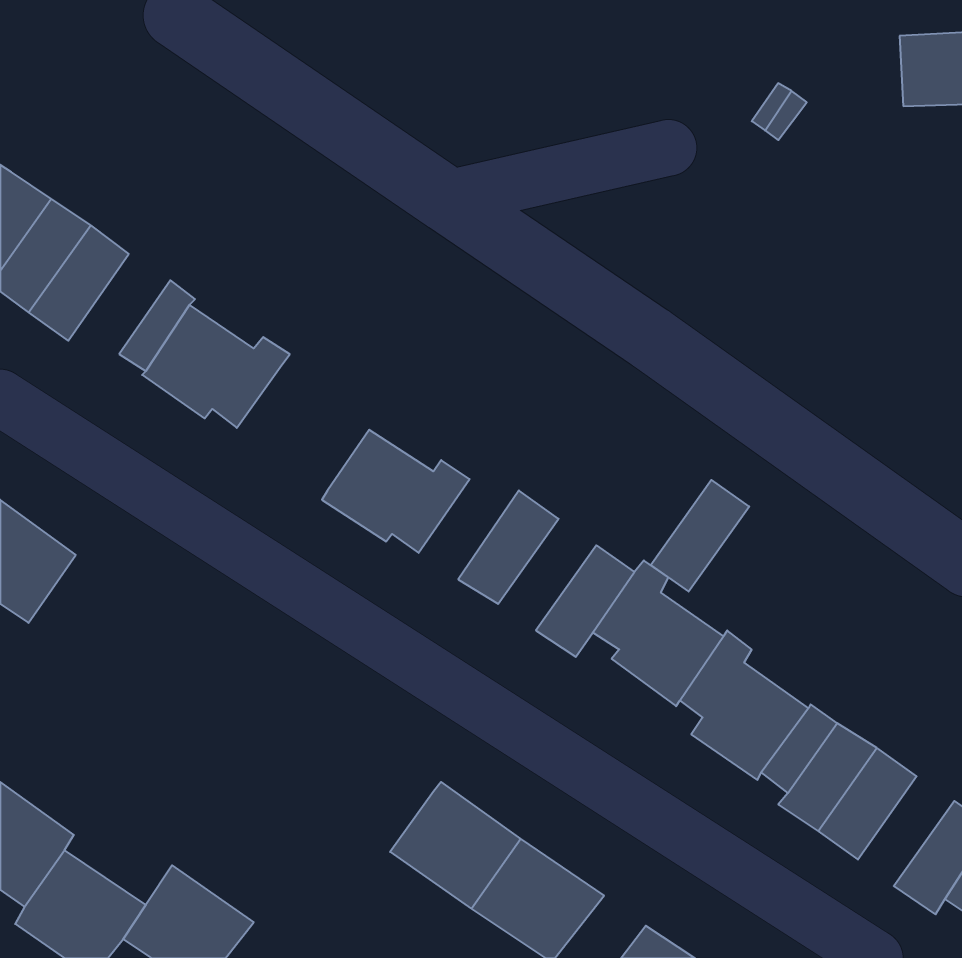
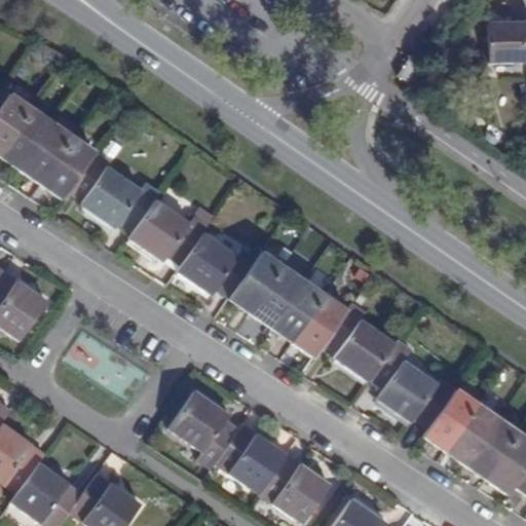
building: none -> [40,138,96,200]
building: none -> [127,199,208,266]
building: none -> [230,251,285,314]
building: [651,480,749,592] -> [273,281,327,342]
building: none -> [170,392,238,468]
building: none -> [468,421,521,481]

